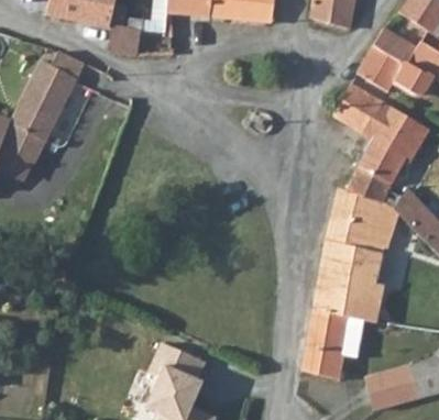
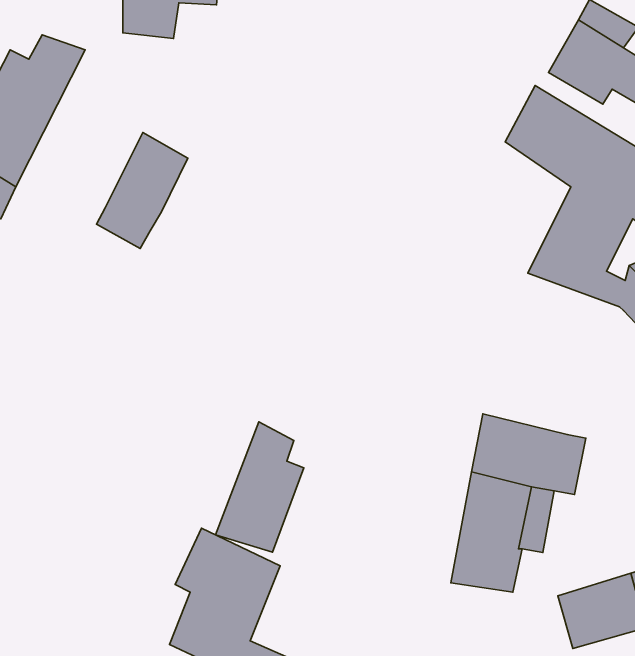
building: none -> [96,133,188,249]
building: [321,188,404,285] -> none
building: none -> [215,422,304,552]

